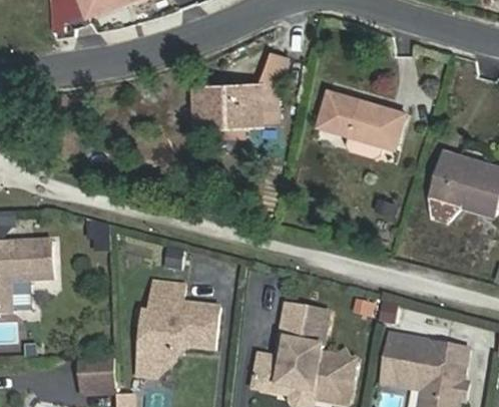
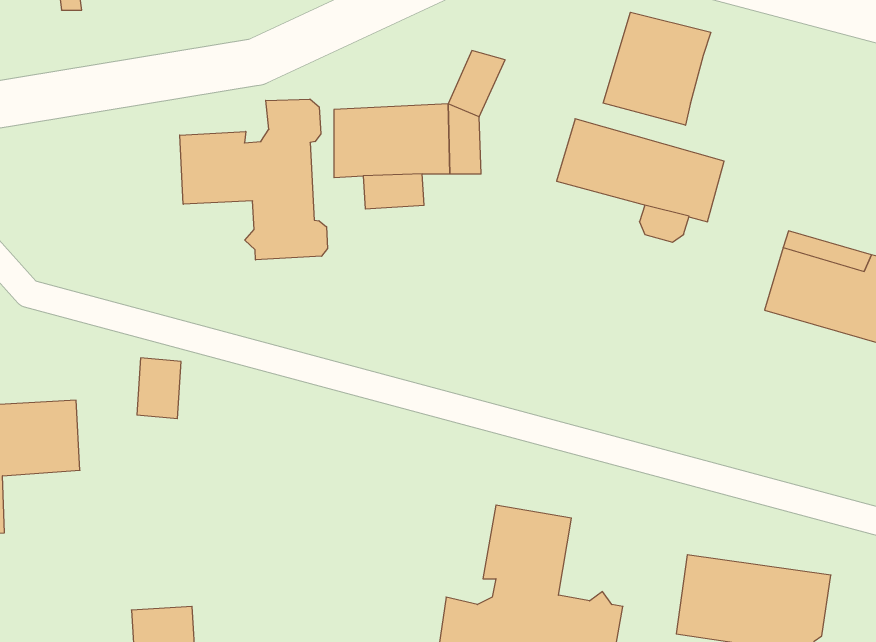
building: none -> [603,12,711,125]
building: none -> [180,99,327,260]
building: [142,284,221,368] -> none

